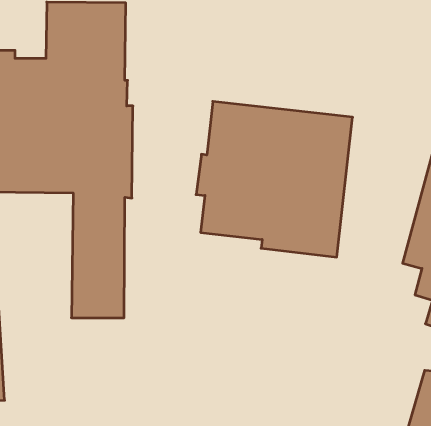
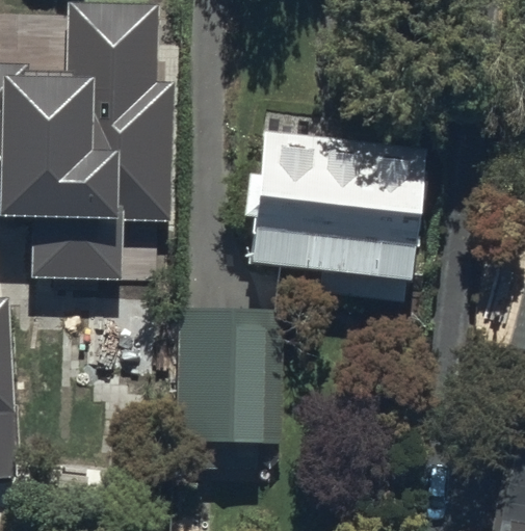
building: none -> [181,306,270,449]

